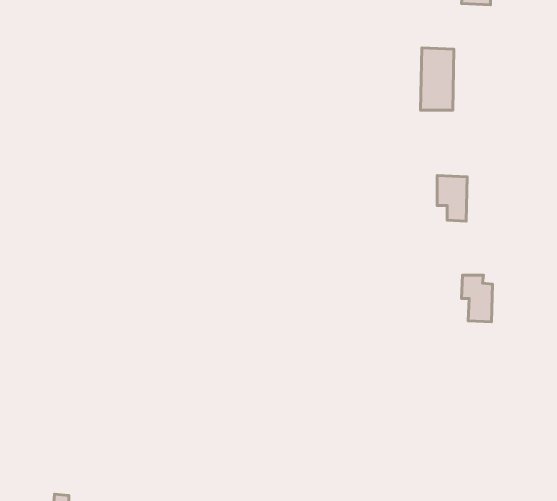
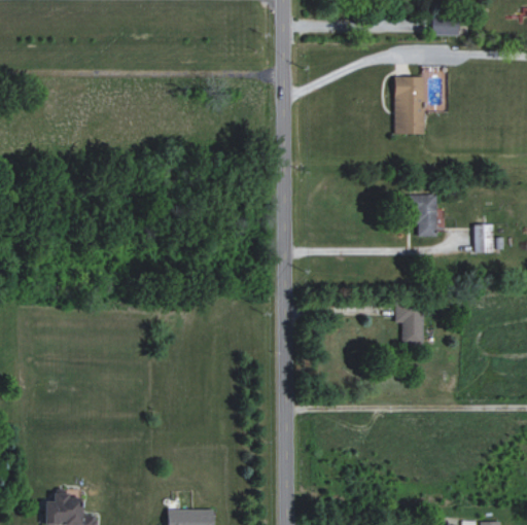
building: none -> [475,224,494,252]
building: [461,275,492,322] -> [395,302,424,345]

